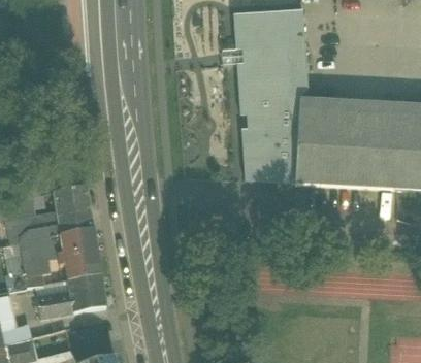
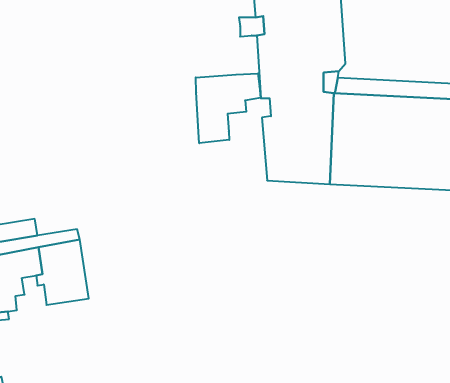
building: none -> [196,73,261,143]
building: [55,185,92,224] -> none
building: [37,274,106,318] -> none

